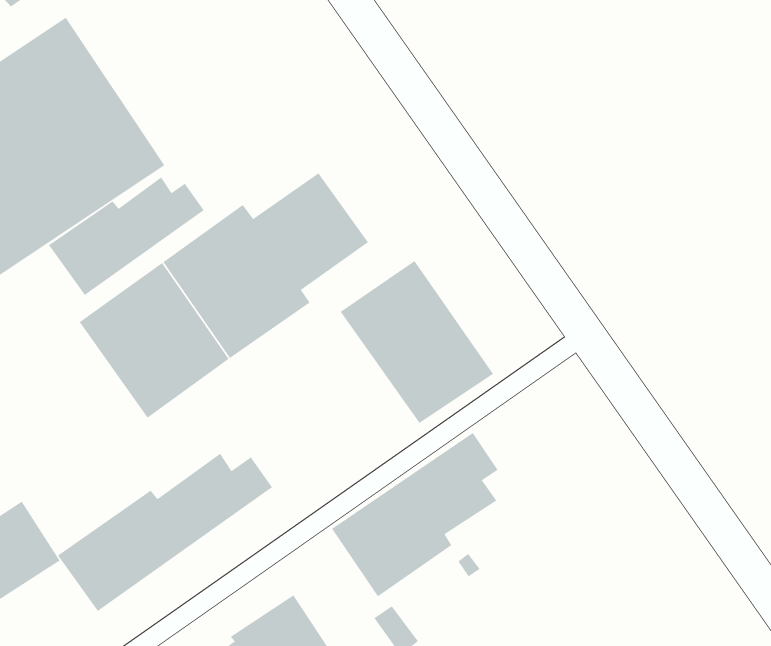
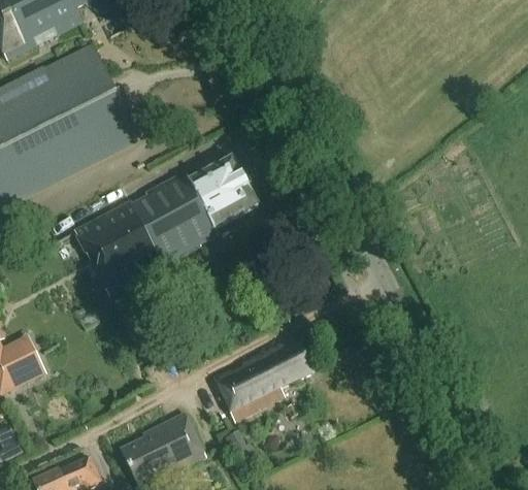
building: [48,177,205,296] -> none
building: [340,260,494,424] -> none
building: [57,453,273,612] -> none

